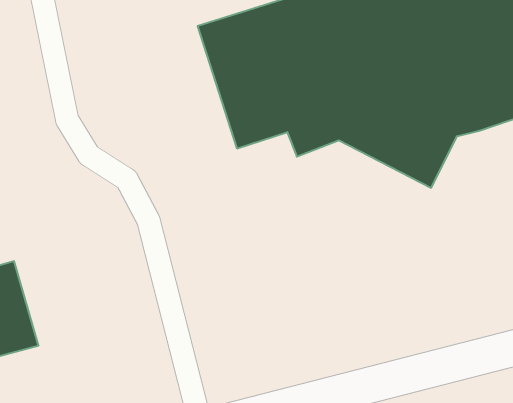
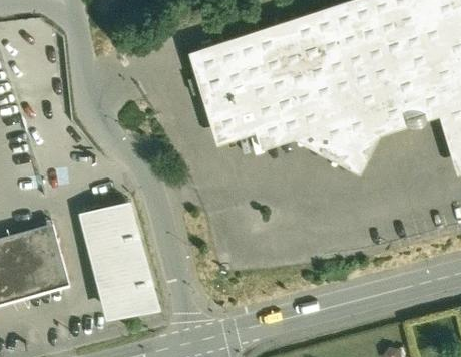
building: none -> [77,199,160,318]

